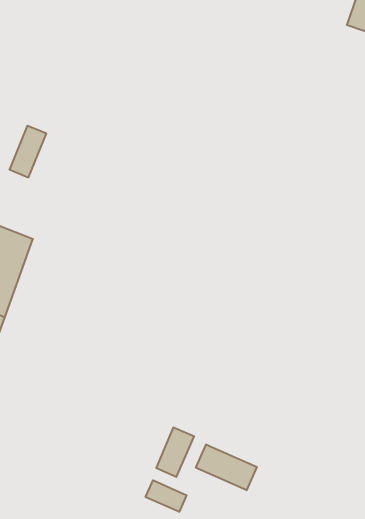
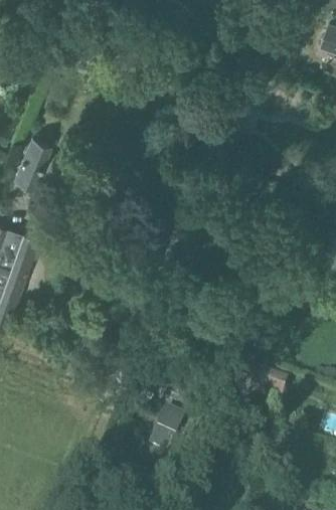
building: [196,444,257,490] -> none
building: [146,480,186,512] -> none

